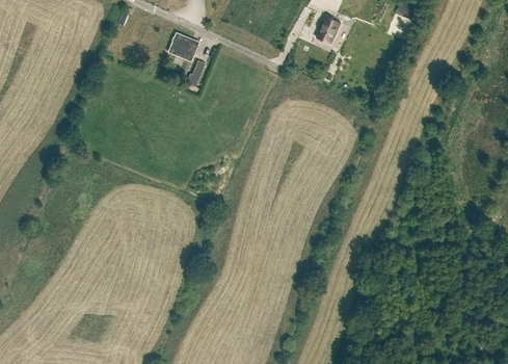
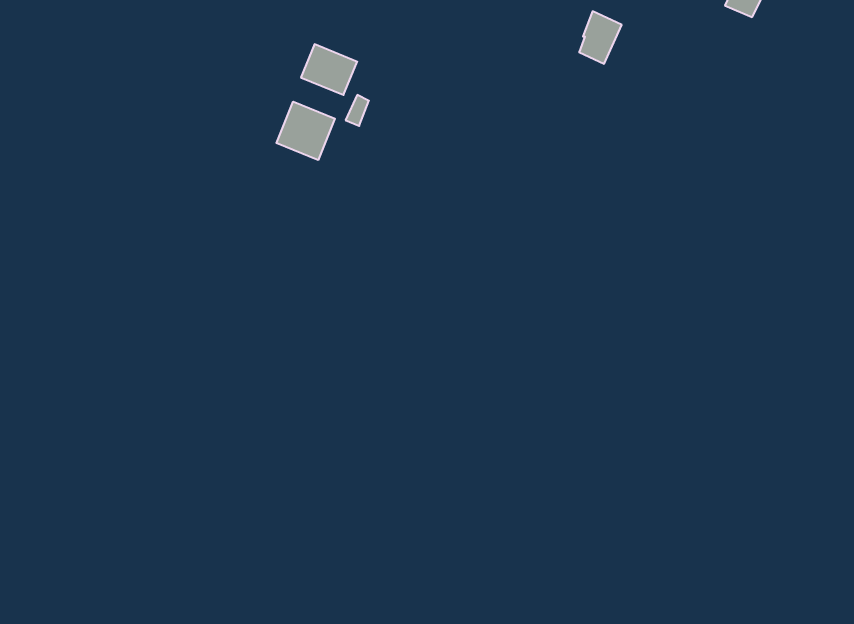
building: none -> [276,102,335,160]

